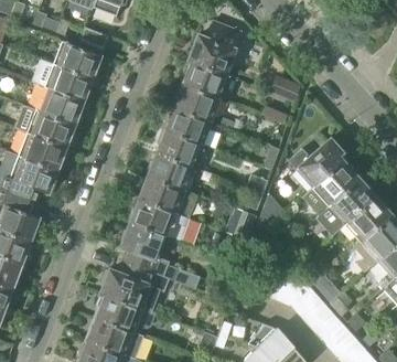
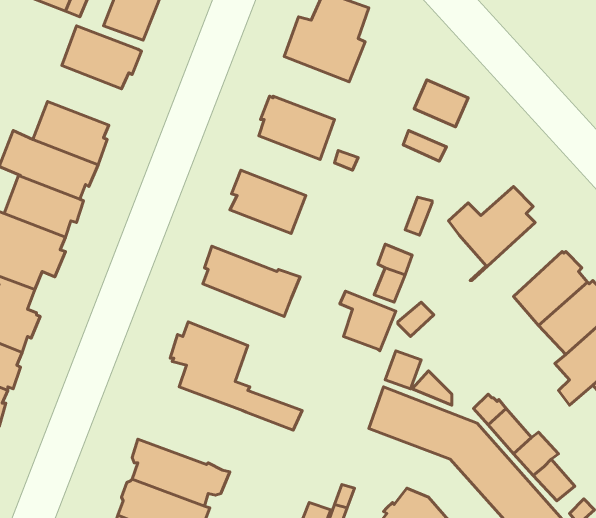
building: [182,60,228,98] -> none
building: [44,65,89,102] -> none
building: [162,108,211,145] -> none
building: [144,153,193,191] -> none
building: [303,160,358,214] -> none
building: [128,199,189,239] -> none
building: [99,262,163,312] -> none

